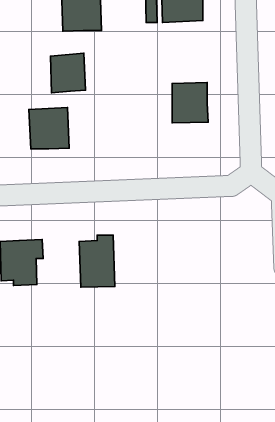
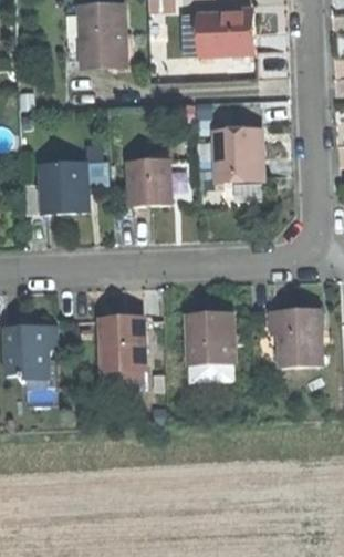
building: [51,53,85,93] -> [127,157,170,206]
building: none -> [270,308,320,367]
building: none -> [185,310,234,365]

